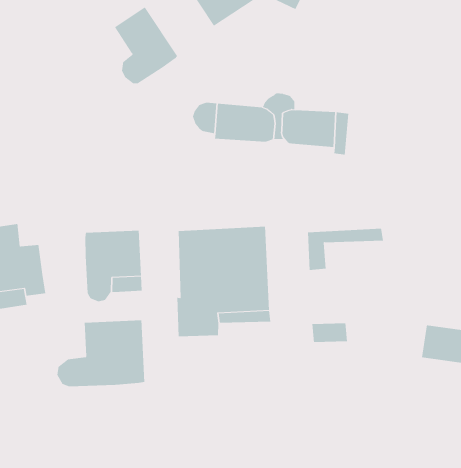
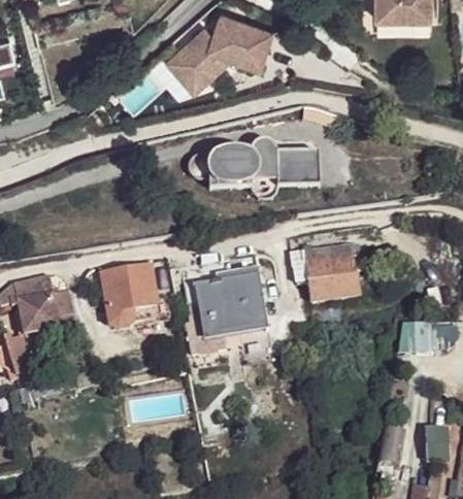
building: [114,7,178,84] -> none
building: none -> [304,255,360,302]
building: [57,319,145,387] -> none

